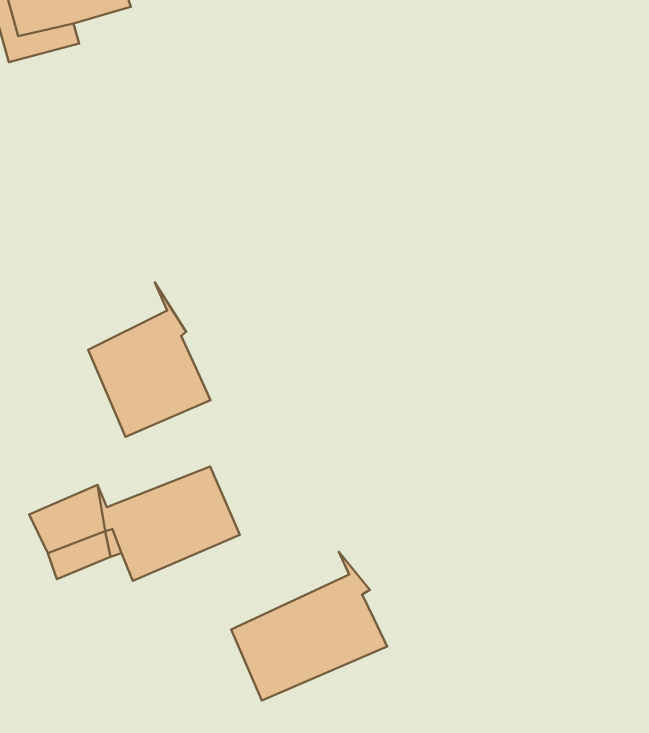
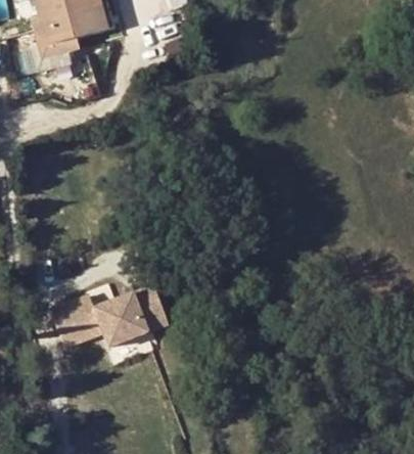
building: [88,283,211,437] -> none
building: [231,552,387,700] -> none

